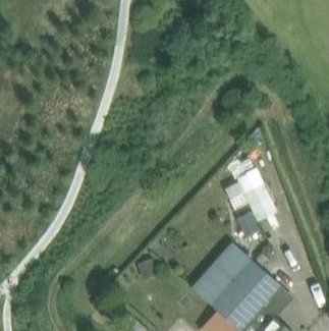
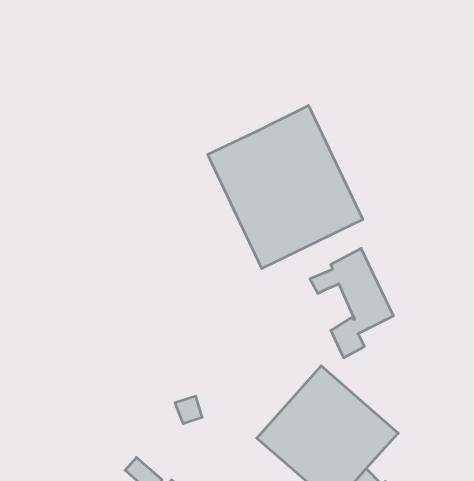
building: none -> [208,105,363,269]

